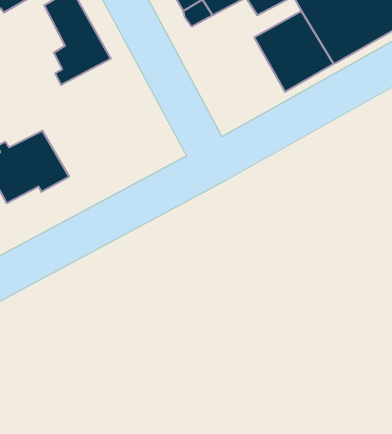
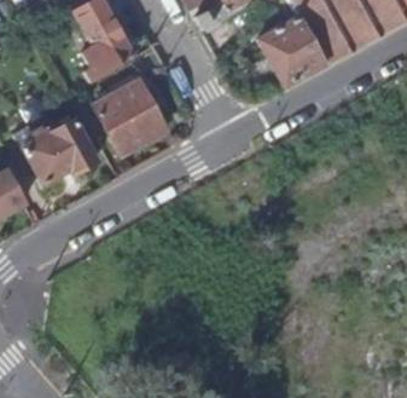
building: none -> [94,82,167,156]

